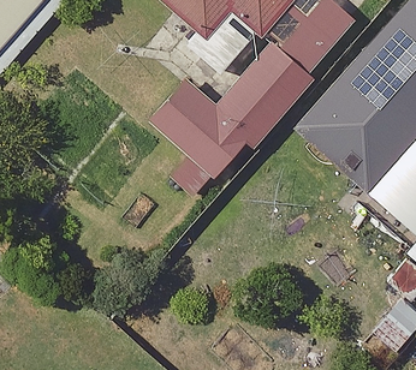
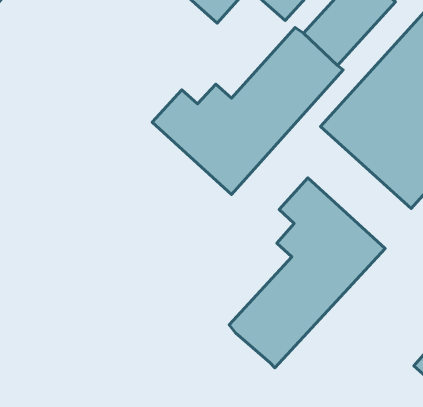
building: none -> [229,178,385,368]

